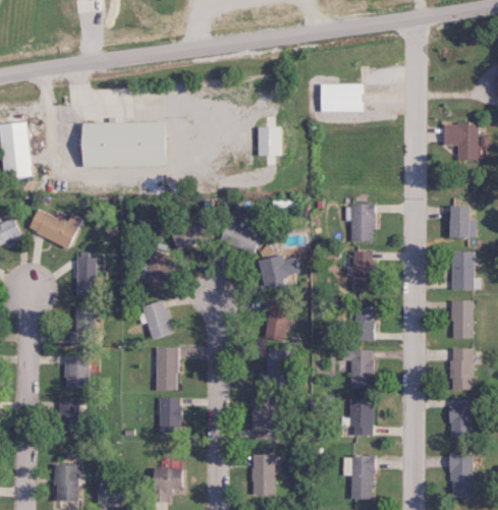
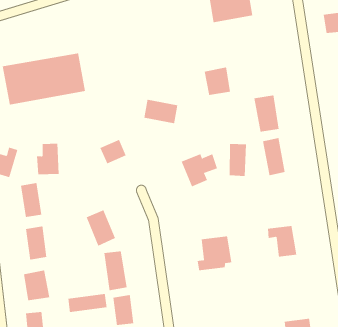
building: [257,126,283,155] -> [204,67,231,95]
building: [220,221,261,253] -> [144,99,178,124]
building: [143,251,171,288] -> [36,143,59,175]
building: [265,301,290,341] -> [229,143,247,177]
building: [353,307,374,340] -> none
building: none -> [68,293,107,313]
building: [252,396,272,431] -> none
building: [350,398,374,435] -> none

